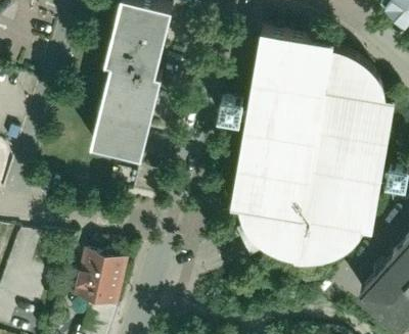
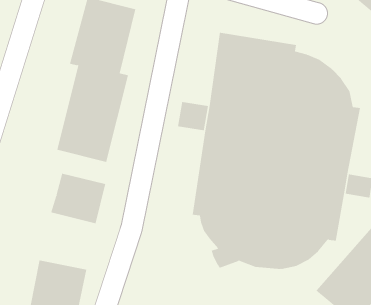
building: none -> [51,173,106,224]

